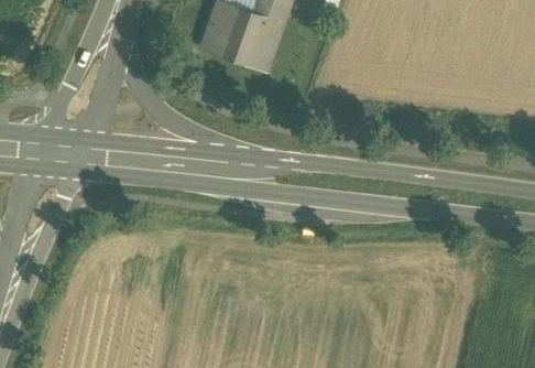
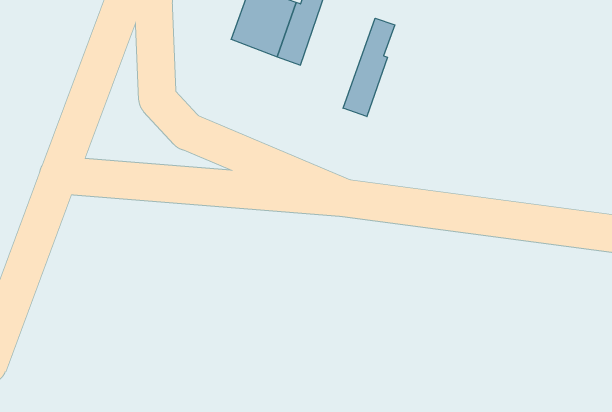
building: none -> [343,18,395,117]

